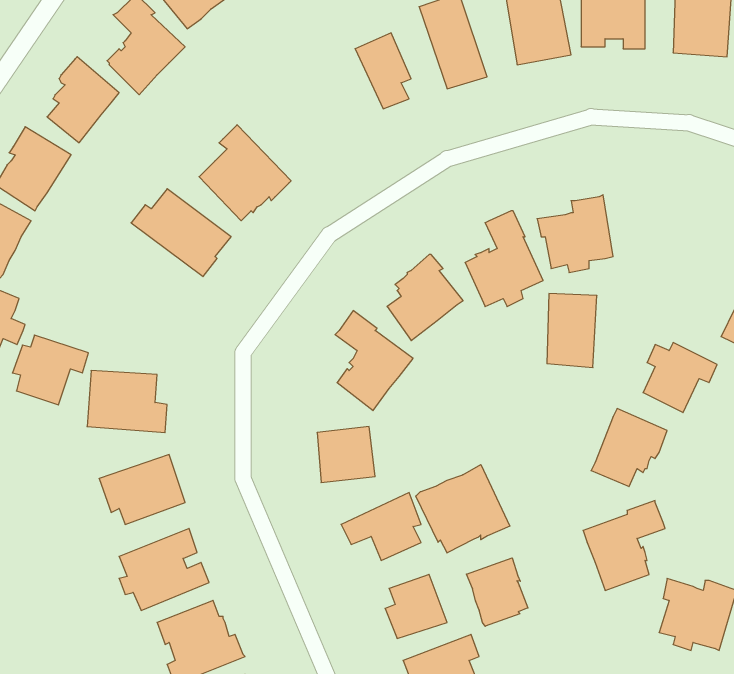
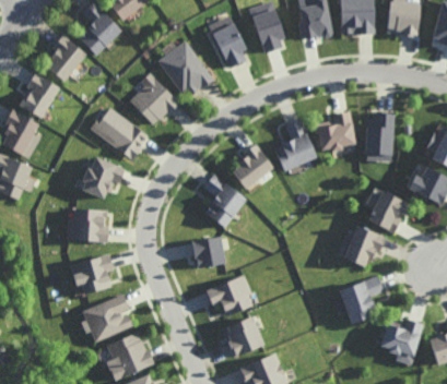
building: none -> [161,39,213,93]
building: [547,294,597,368] -> [366,108,393,148]
building: [12,335,88,405] -> [83,159,125,197]
building: [416,465,510,553] -> none
building: [466,558,528,626] -> none

